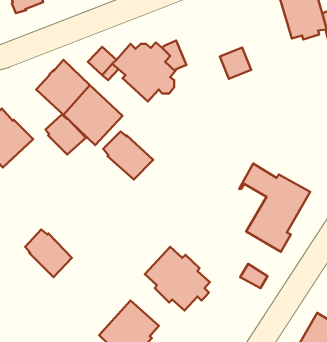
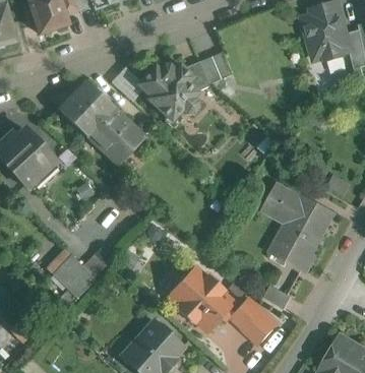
building: [220,47,251,79] -> [200,52,232,83]
building: [45,115,86,155] -> none
building: [103,131,153,180] -> none
building: none -> [230,298,278,345]

